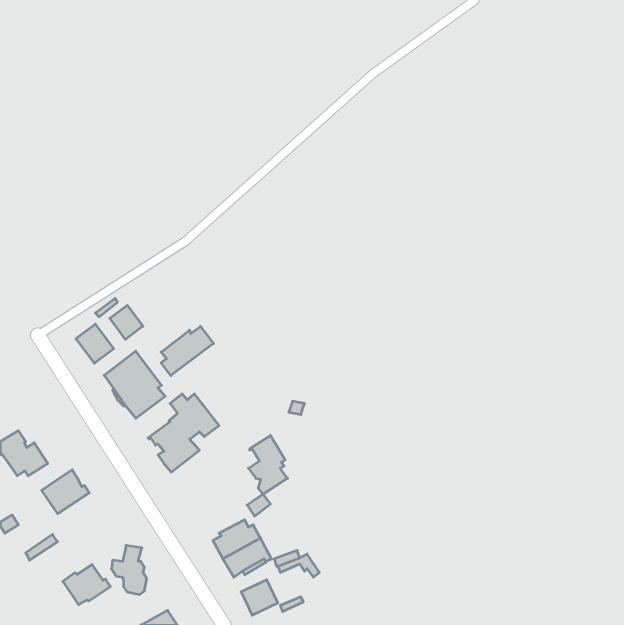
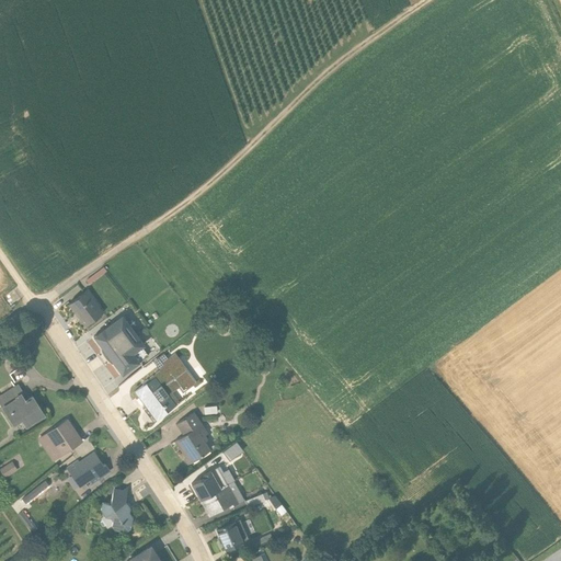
building: [110,305,143,339] -> none
building: [161,326,214,376] -> none
building: [248,435,288,494] -> [175,412,210,465]
building: [63,564,110,605] -> [67,451,110,488]

